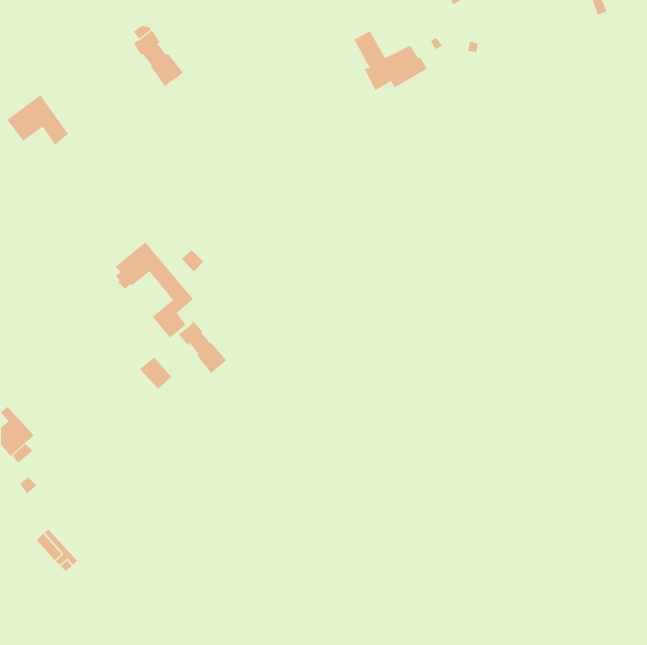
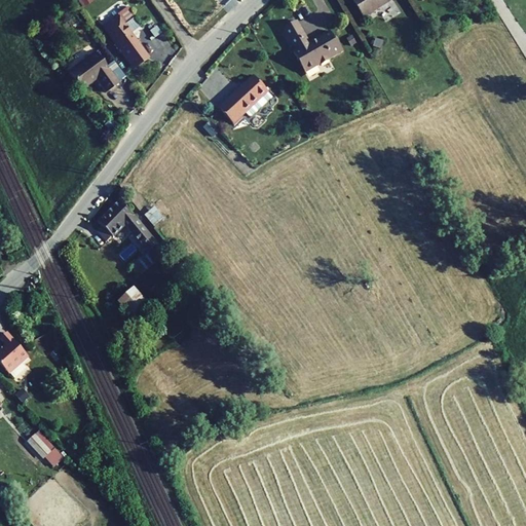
building: none -> [219,75,266,125]
building: [6,94,69,145] -> [69,50,119,91]
building: [178,321,227,374] -> none

